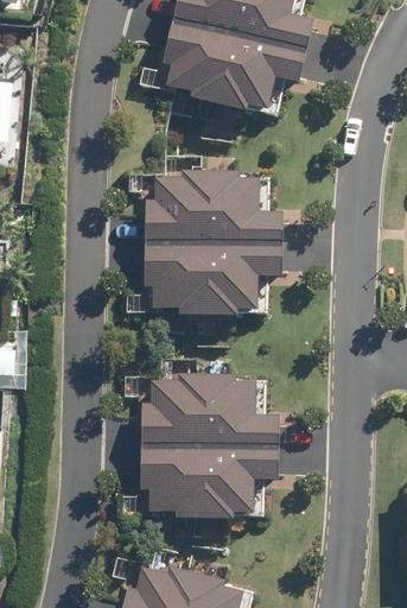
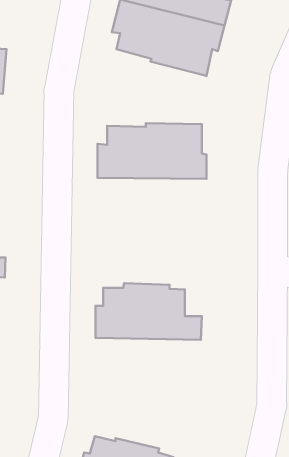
building: [144,242,281,311] -> none
building: [141,443,274,518] -> none

